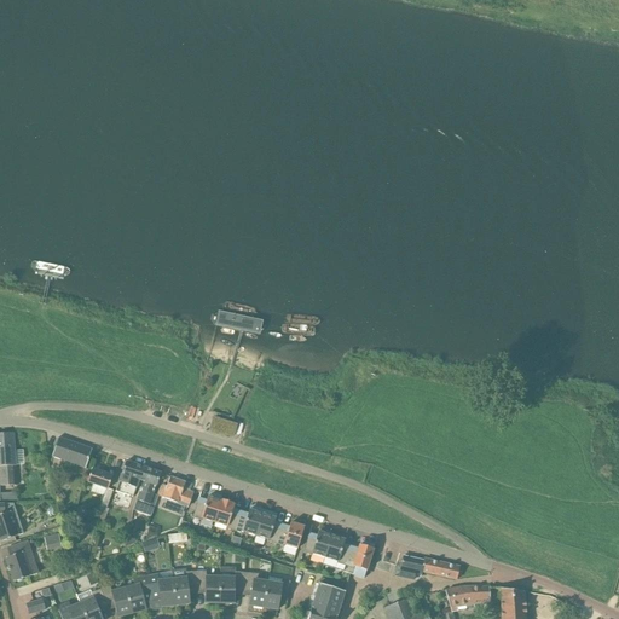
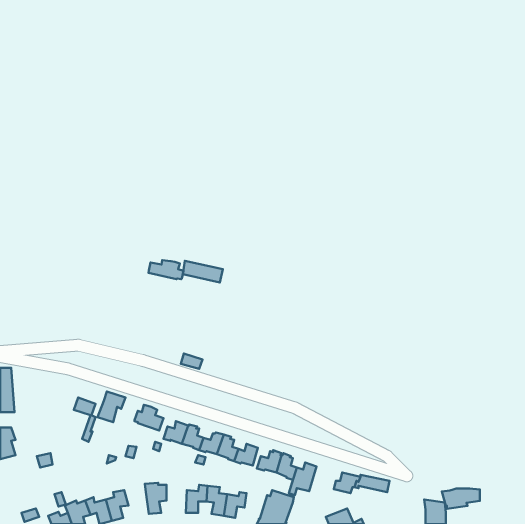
building: none -> [148,260,183,279]
building: [52,438,92,467] -> none
building: [133,468,160,515] -> none
building: [6,540,39,582] -> none
building: [196,571,220,603] -> none
building: [146,574,175,607] -> none
building: [445,586,490,611] -> [442,488,480,509]

